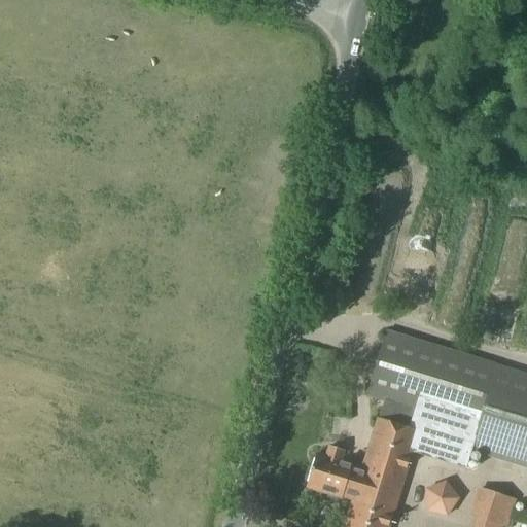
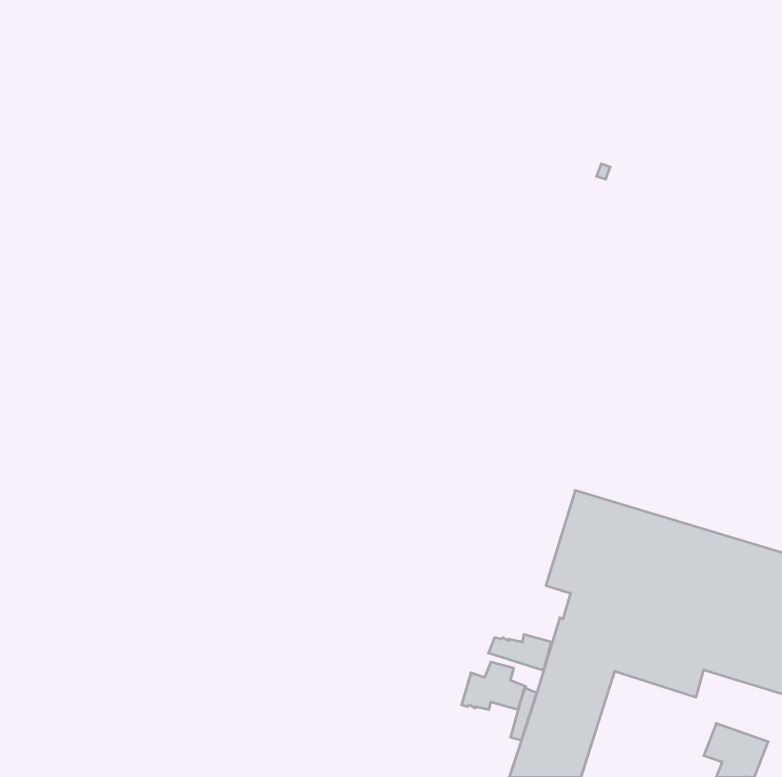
building: [307,471,349,495] -> [488,635,551,670]
building: [429,479,459,512] -> none

